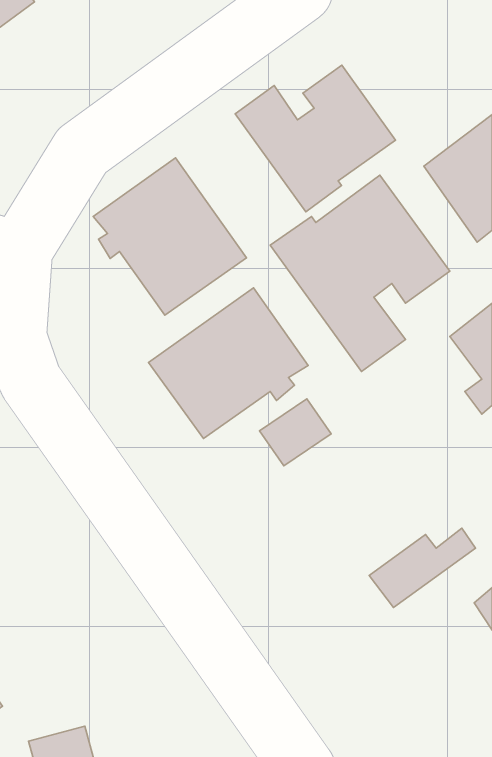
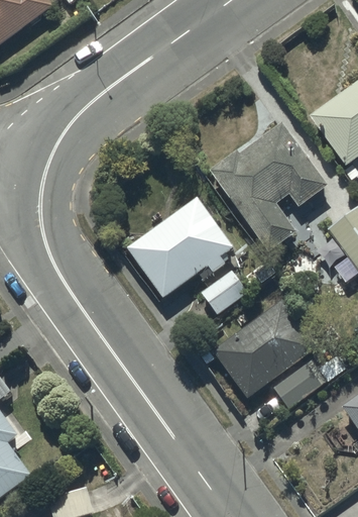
building: [235,65,395,212] -> none
building: [93,158,247,315] -> none
building: none -> [213,300,316,397]

